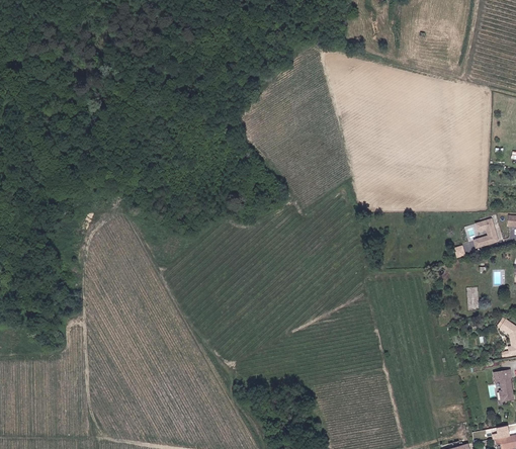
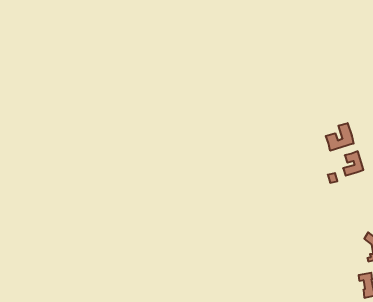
building: none -> [326,123,354,151]

